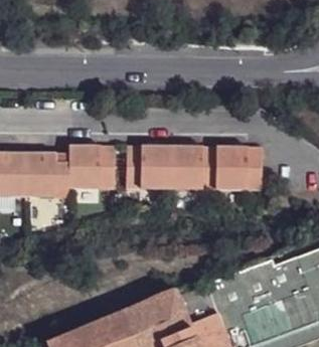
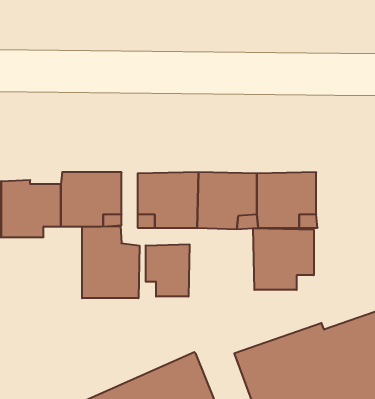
building: none -> [82,226,139,298]
building: none -> [253,228,314,290]
building: none -> [146,244,189,297]

